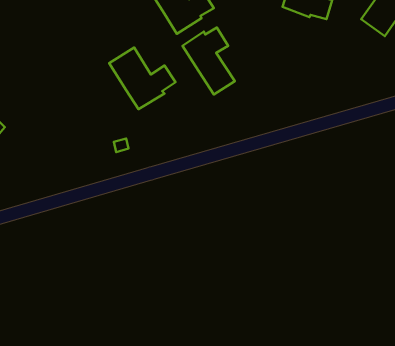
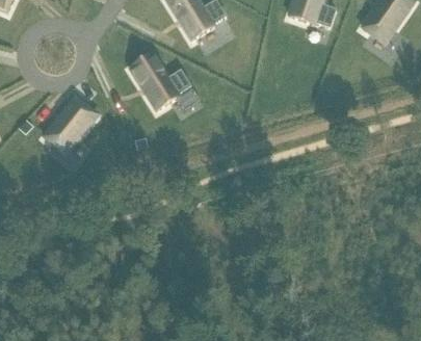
building: [182,27,235,95] -> none
building: none -> [43,97,96,153]

